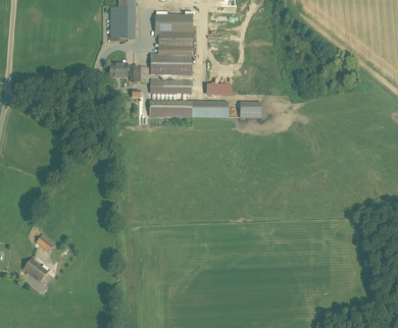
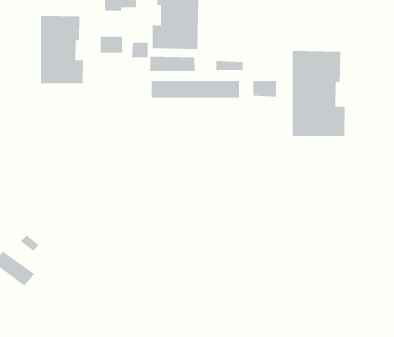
building: none -> [40,15,84,84]
building: none -> [292,50,345,137]

